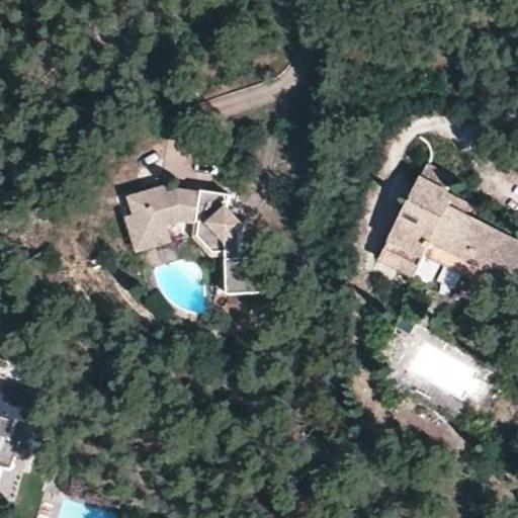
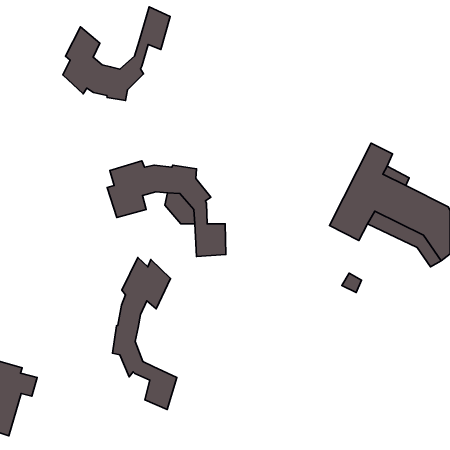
building: none -> [63,7,170,100]
building: none -> [112,258,177,410]

